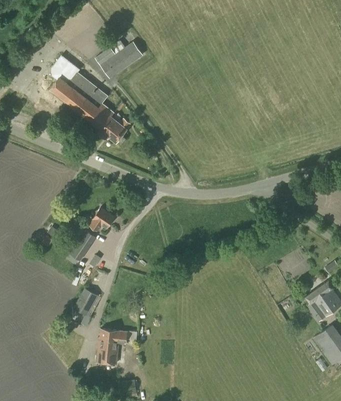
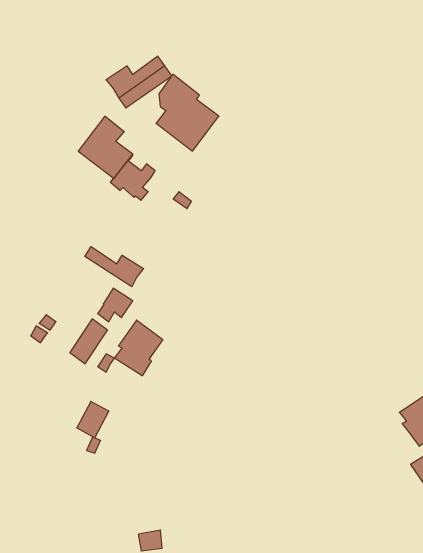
building: [50,55,95,110] -> [156,74,219,151]
building: none -> [85,247,143,287]
building: none -> [115,320,163,376]
building: [98,329,128,364] -> none

